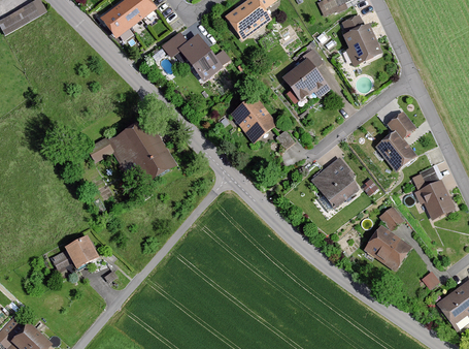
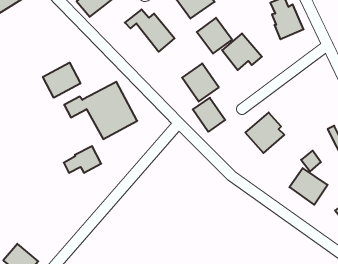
building: none -> [197,18,232,54]
building: none -> [43,63,80,98]
building: [375,112,416,172] -> none
building: none -> [193,98,225,132]
building: [51,236,97,269] -> [64,146,101,173]

